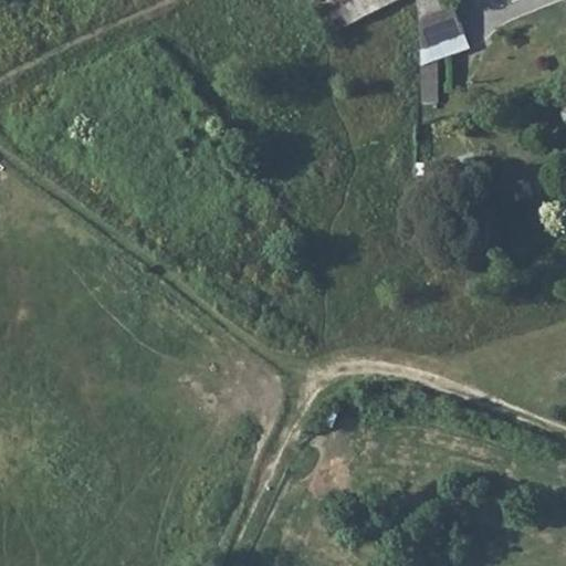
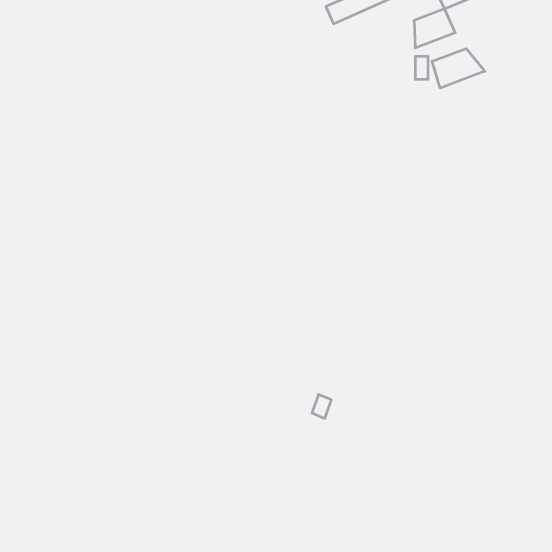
building: none -> [432,49,485,88]

